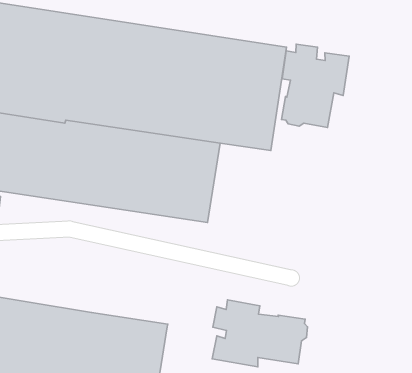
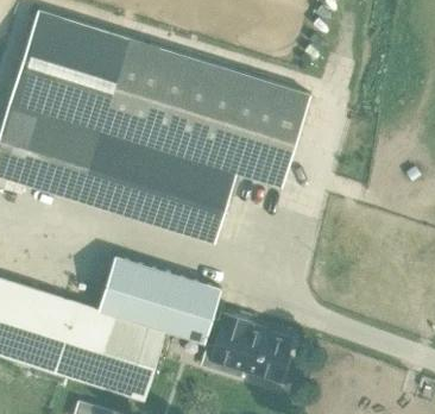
building: [281,44,349,127] -> none
building: none -> [99,258,222,345]

